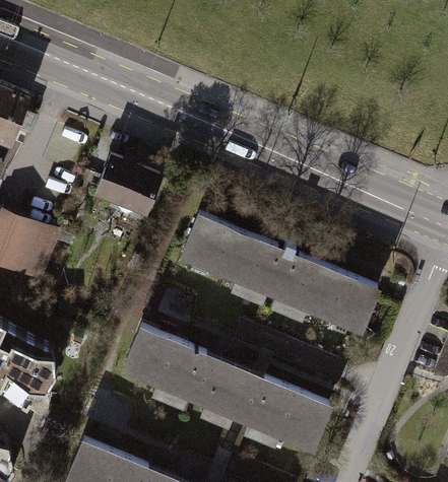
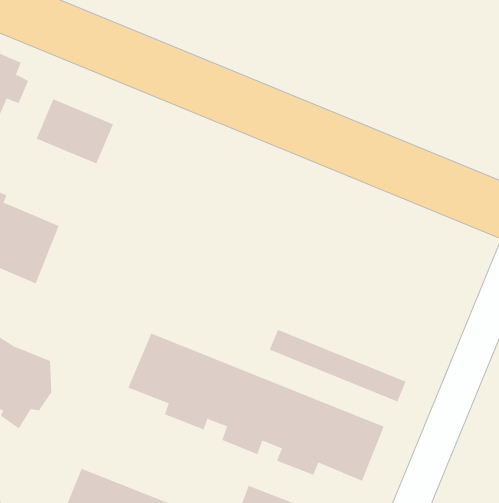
building: [99,159,164,214] -> [36,98,114,164]
building: [176,212,381,333] -> none

